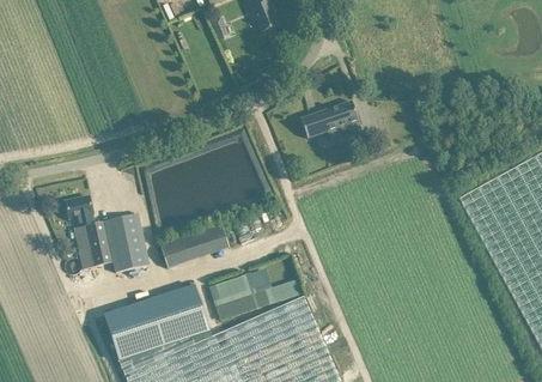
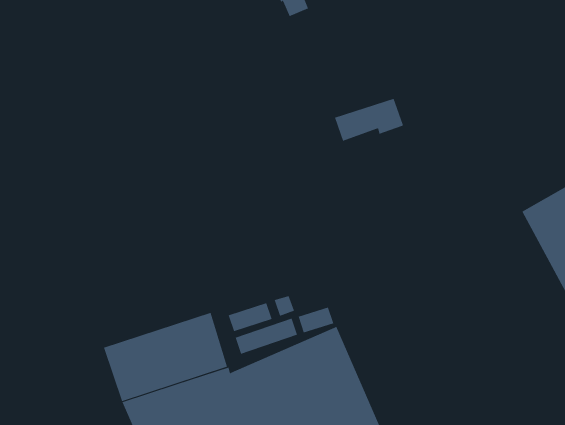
building: [65,195,148,272] -> none
building: [159,223,230,267] -> none

